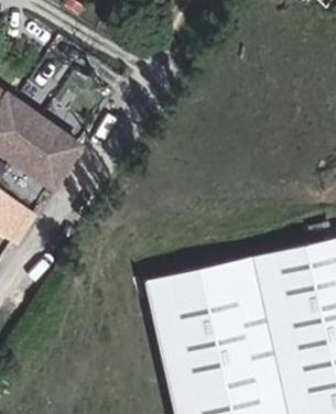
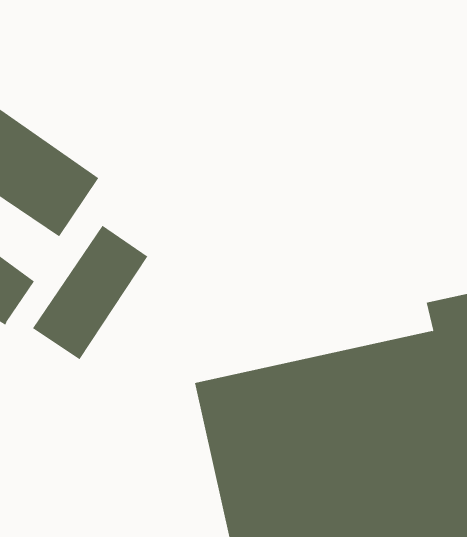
building: none -> [32,225,148,360]

